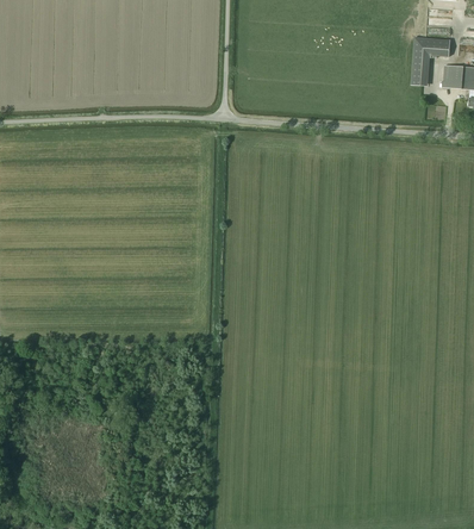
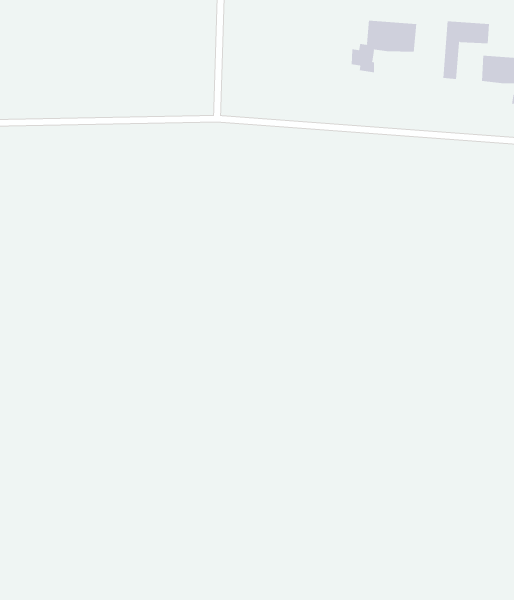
building: none -> [351,20,417,73]

